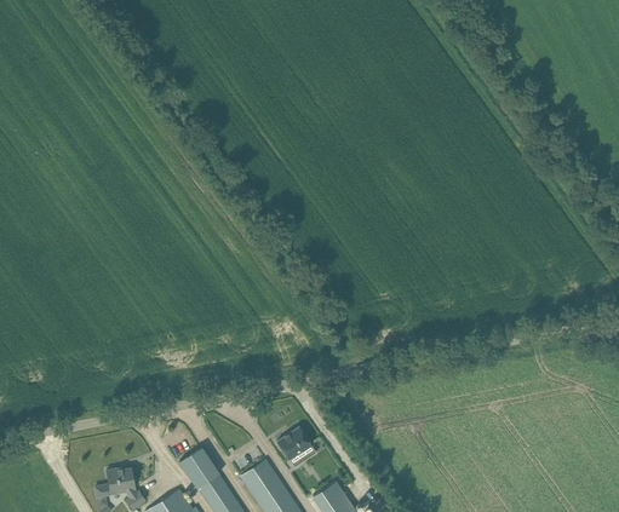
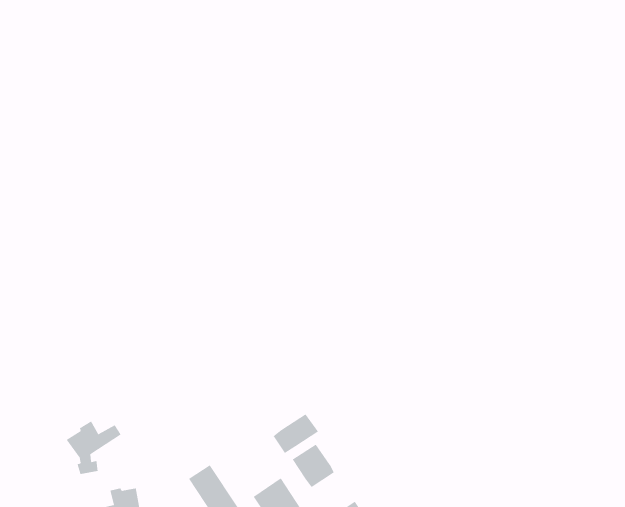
building: none -> [273,413,319,454]
building: none -> [66,421,121,475]

